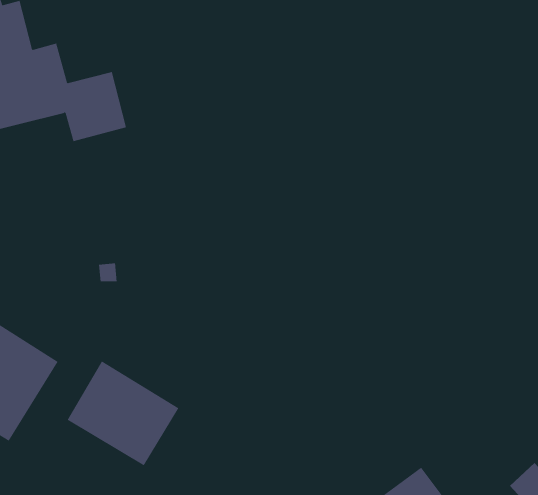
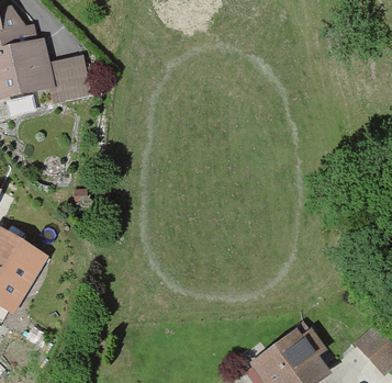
building: [67,360,179,466] -> none

